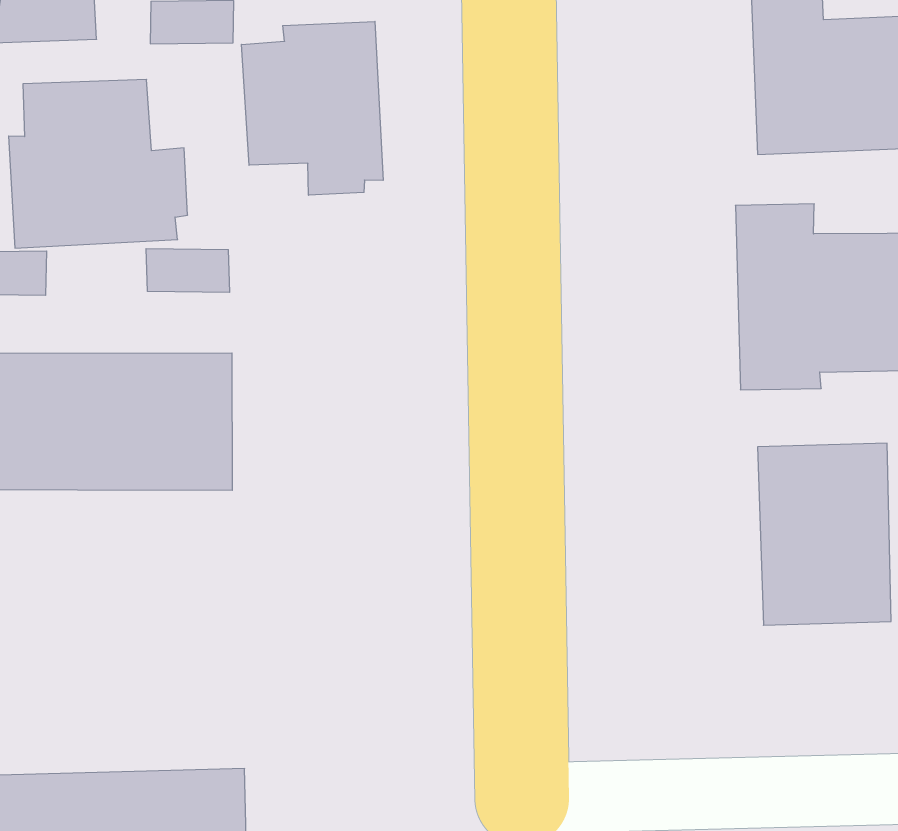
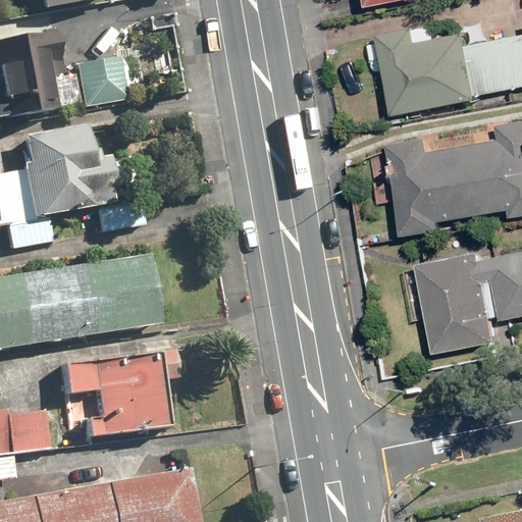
building: [241,21,383,195] -> none
building: none -> [54,352,170,439]

